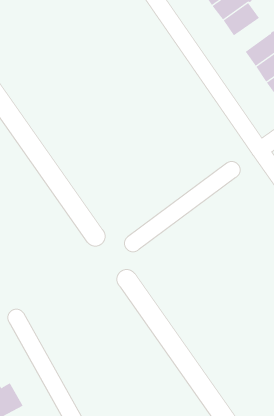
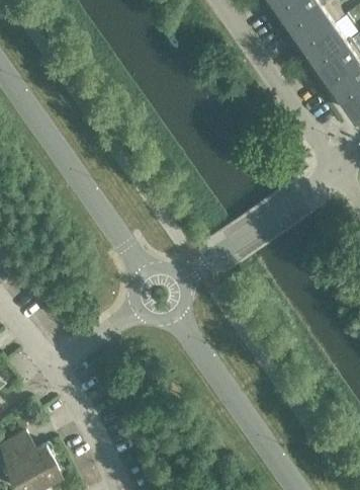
building: none -> [302,26,345,66]

